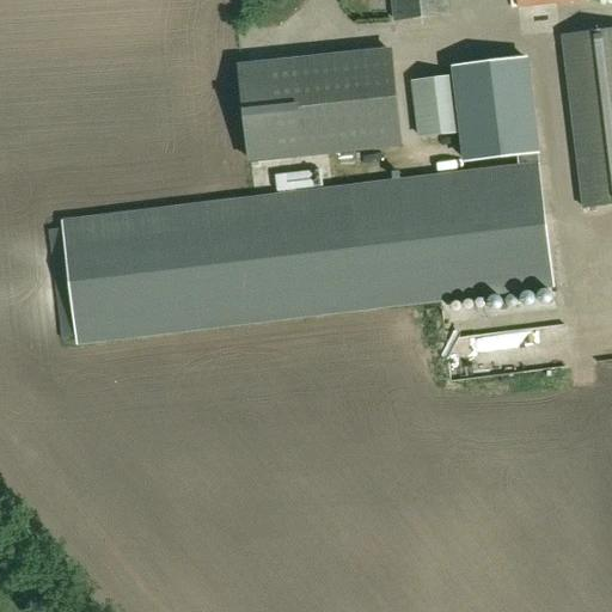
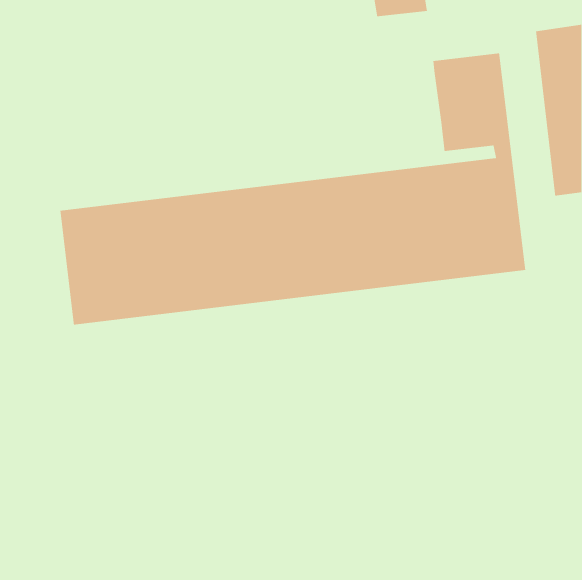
building: [240,48,398,158] -> none
building: [412,74,461,134] -> none

